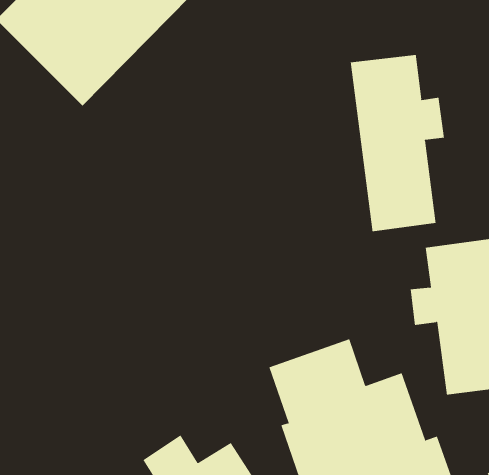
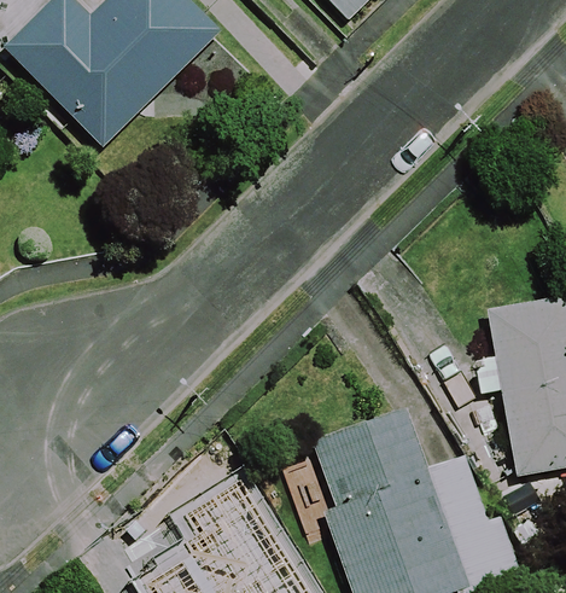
building: [350,54,444,232] -> none

